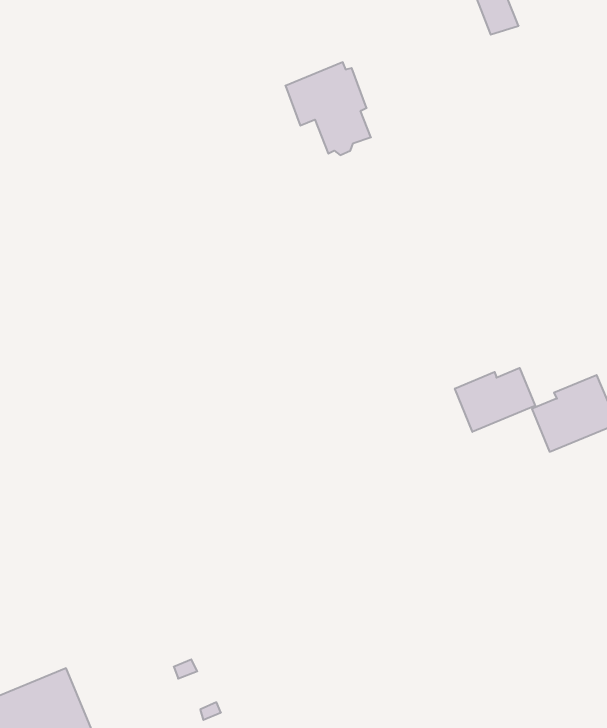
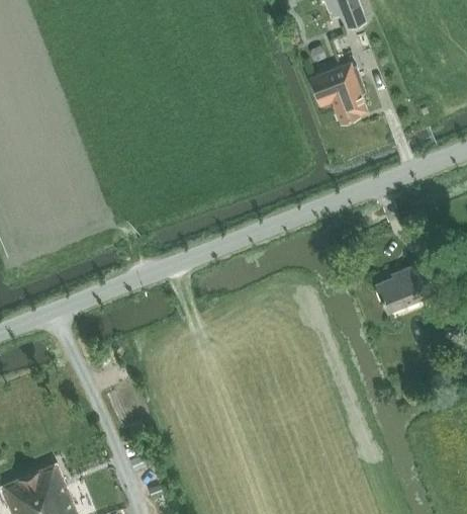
building: [285,62,371,155] -> [309,62,368,125]
building: [455,368,535,432] -> none

